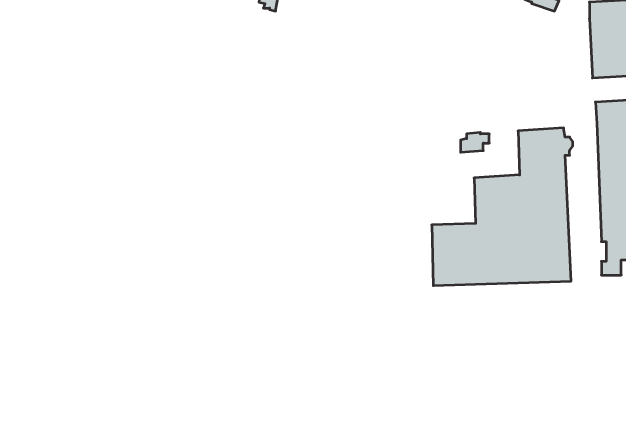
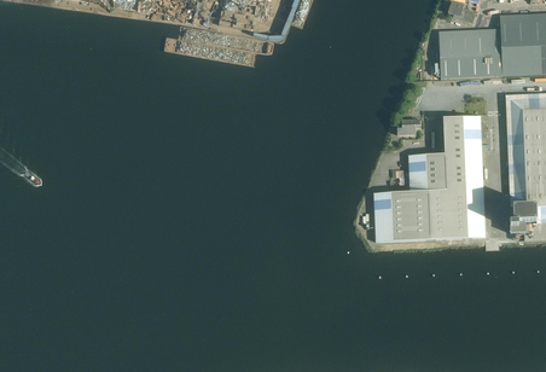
building: none -> [438,28,503,77]

